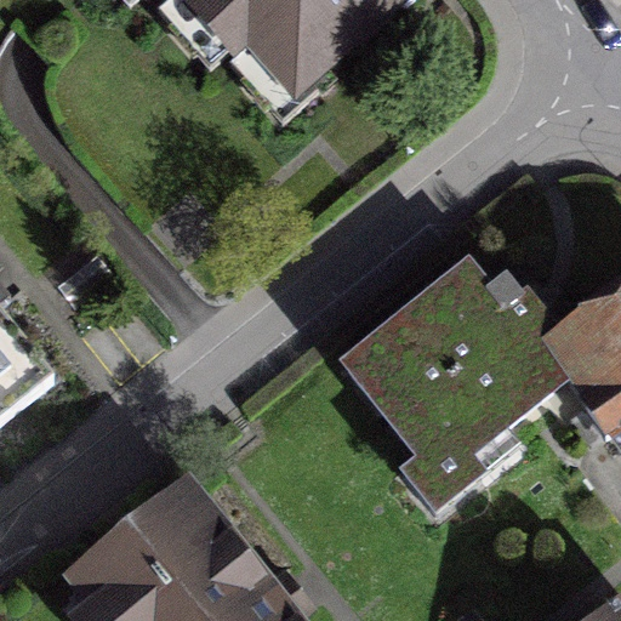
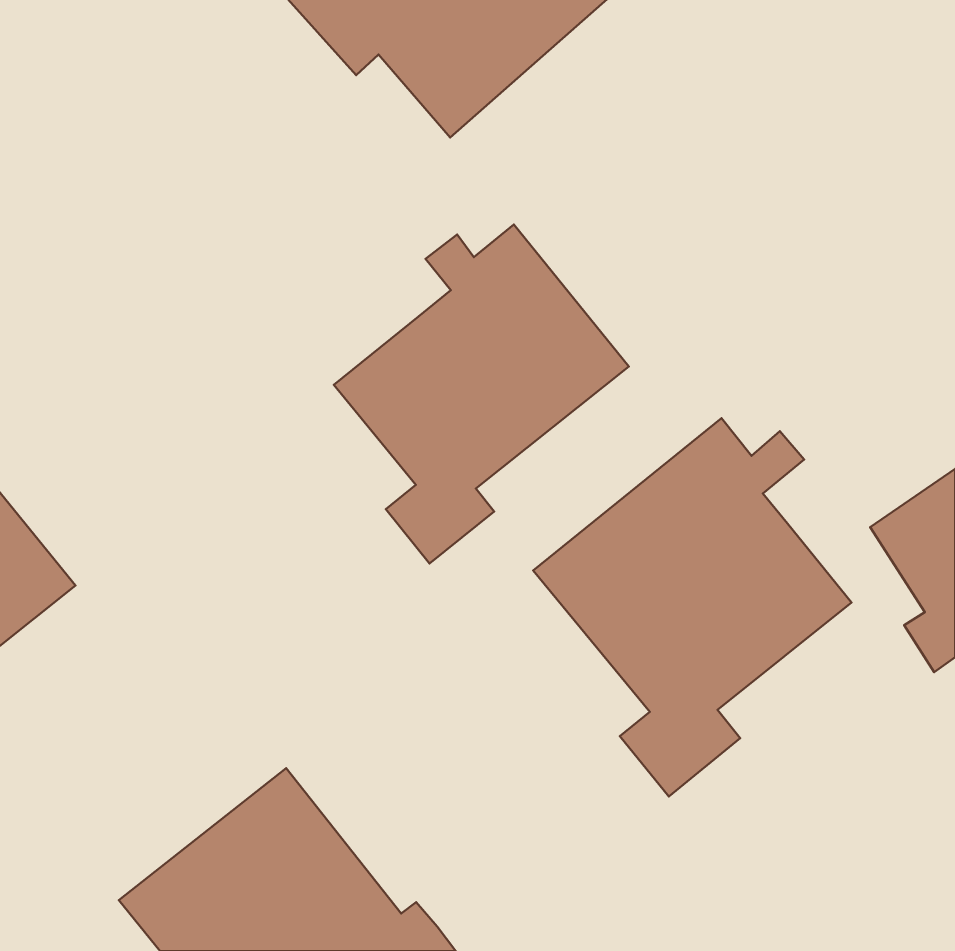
building: none -> [334,224,629,564]

